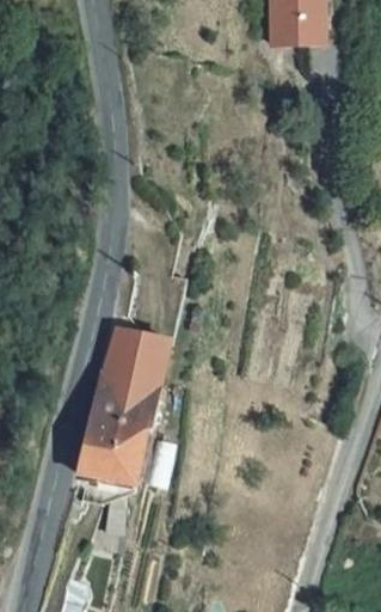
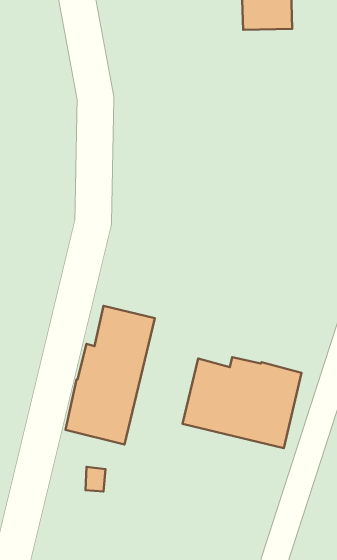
building: none -> [182,357,301,448]

